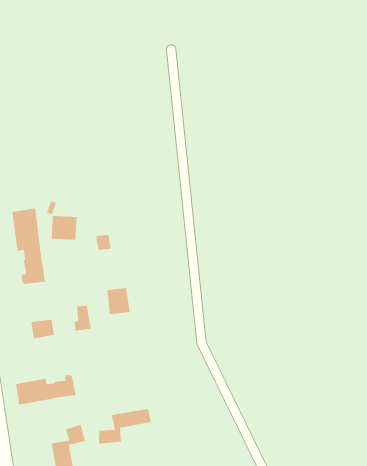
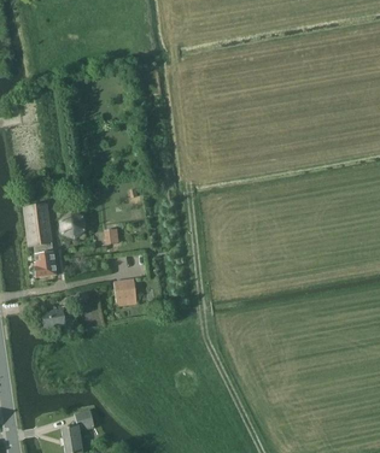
building: [15,374,76,406] -> none
building: [98,408,152,445] -> none

